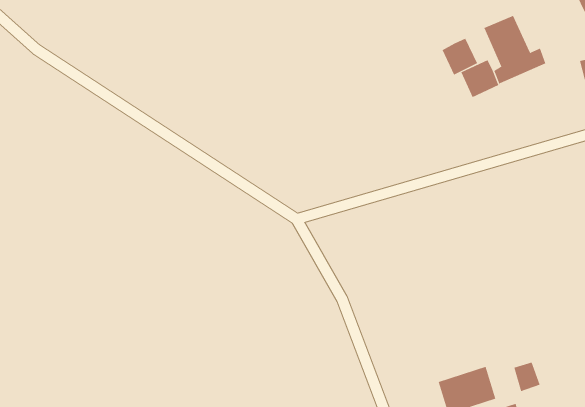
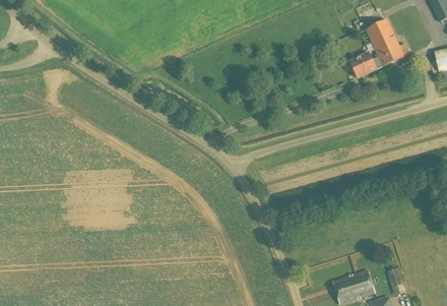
building: [442,38,478,76] -> none

